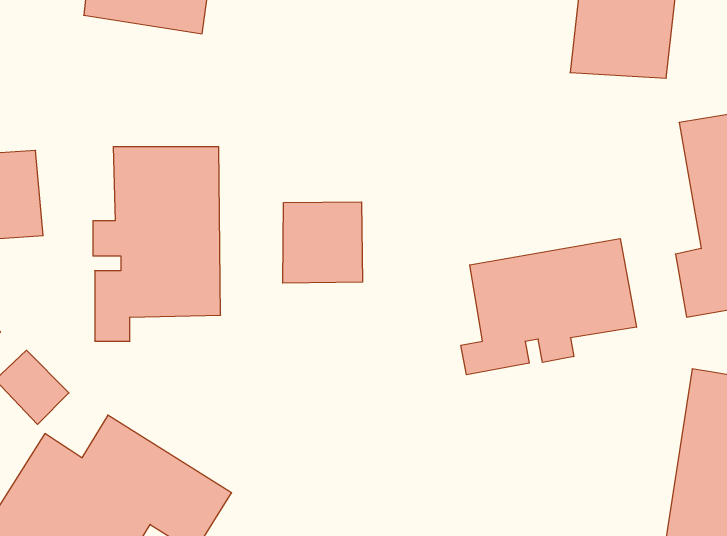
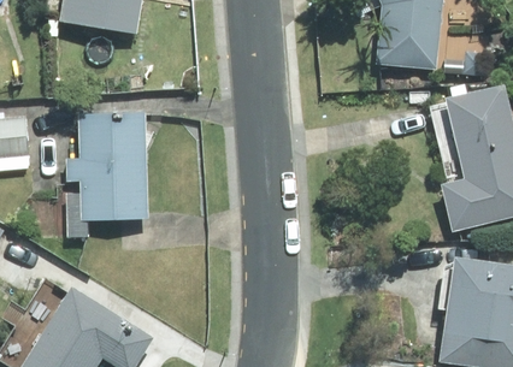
building: [283,202,362,283] -> none
building: [461,239,636,375] -> none

